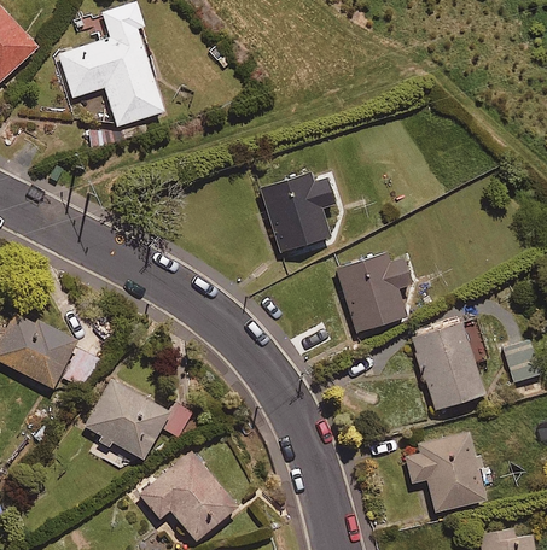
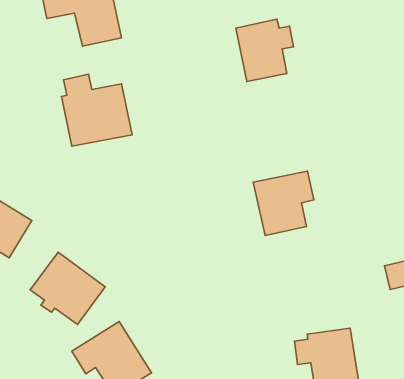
building: none -> [62,74,132,146]
building: [262,174,333,252] -> [236,19,293,82]
building: [413,318,491,410] -> none

